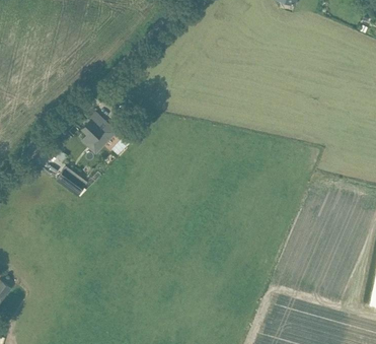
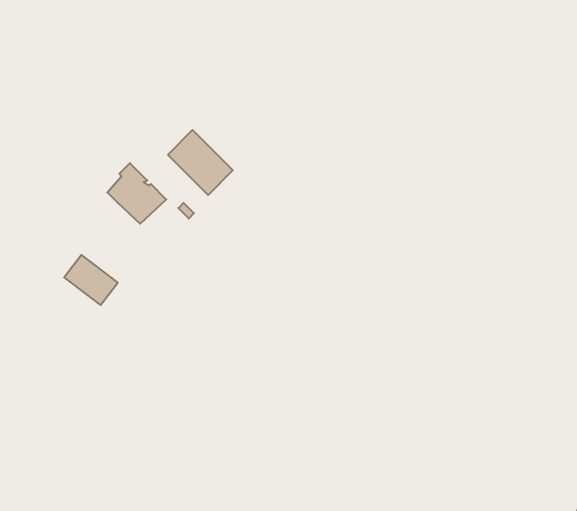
building: none -> [168,130,233,195]

